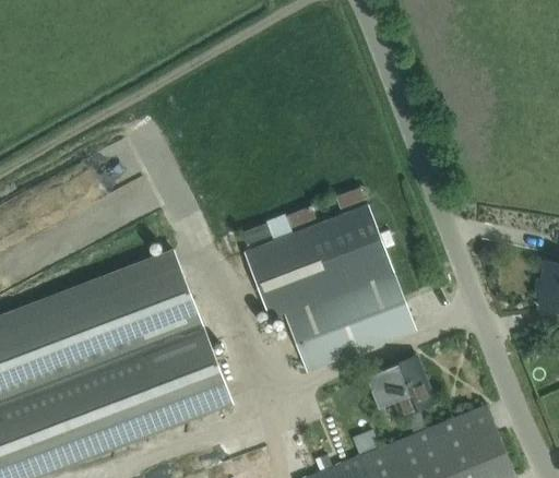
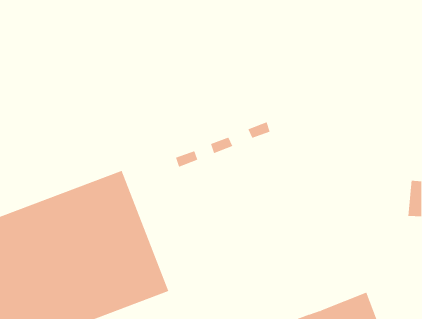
building: [243,205,415,372] -> none
building: [365,358,433,433] -> none

